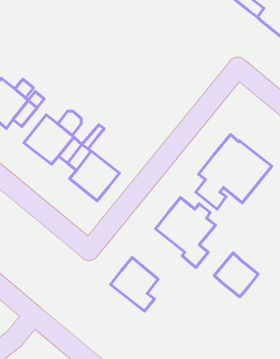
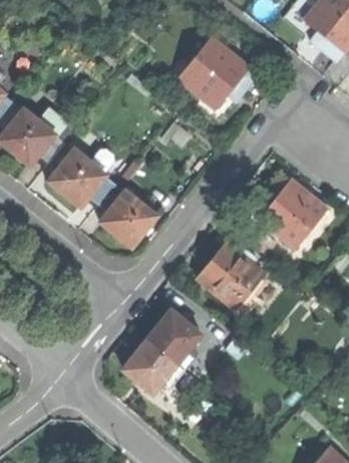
building: none -> [180,38,256,121]
building: [214,253,258,297] -> none
building: none -> [123,339,185,392]

